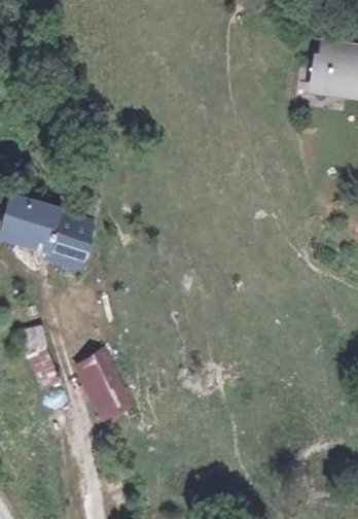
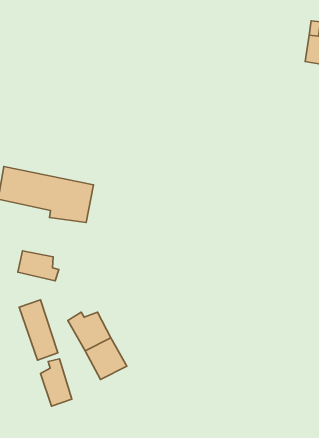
building: none -> [18,251,59,281]
building: none -> [41,359,72,406]

